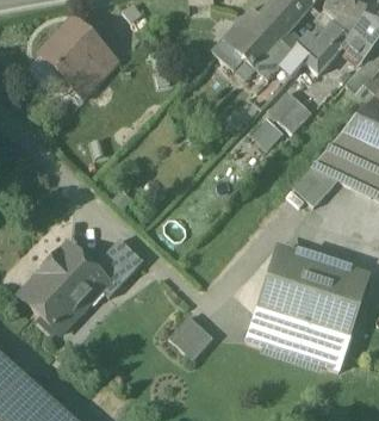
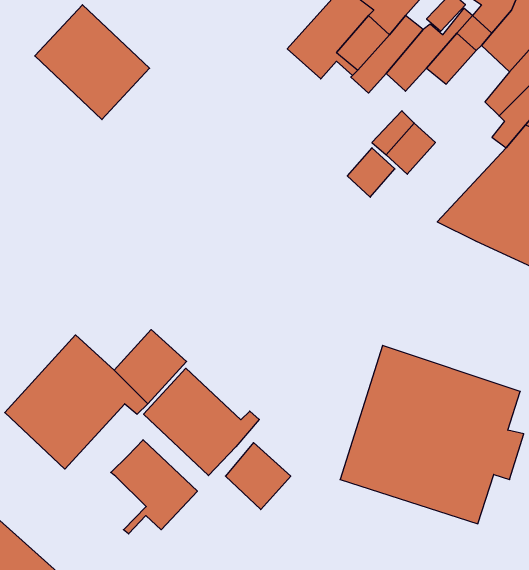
building: [294,165,338,204] -> none
building: none -> [144,368,259,476]
building: none -> [111,440,197,534]

